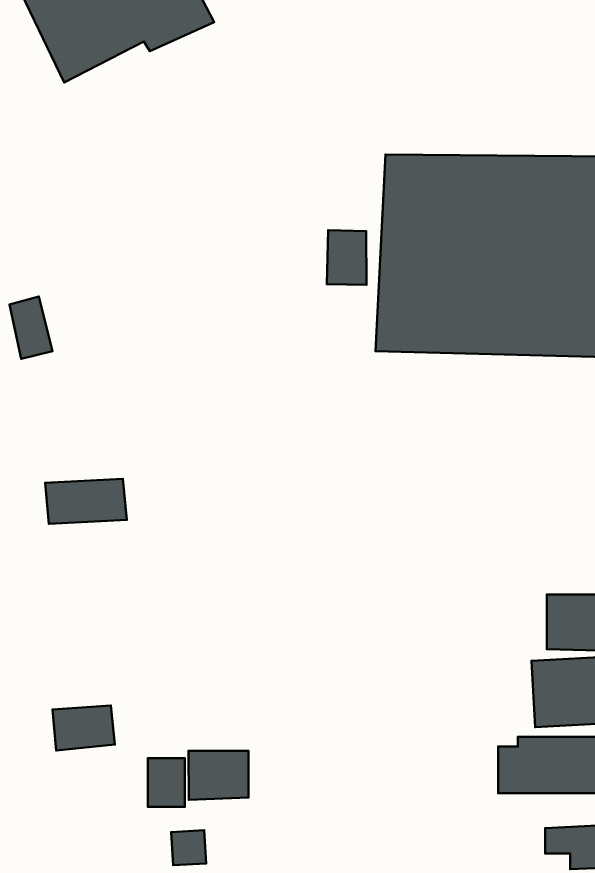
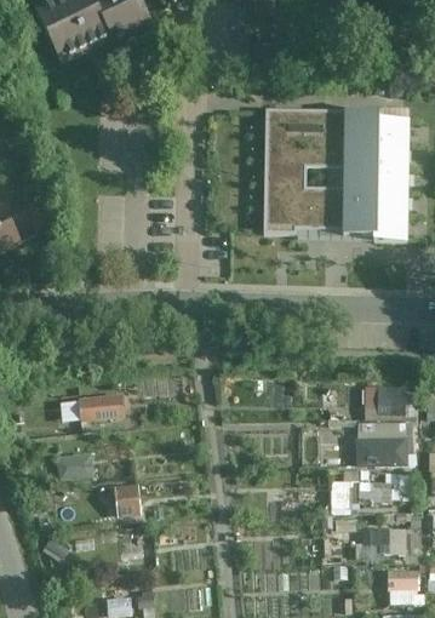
building: [327,230,367,285] -> none
building: [45,479,127,524] -> [76,393,127,420]
building: [189,751,248,800] -> none

